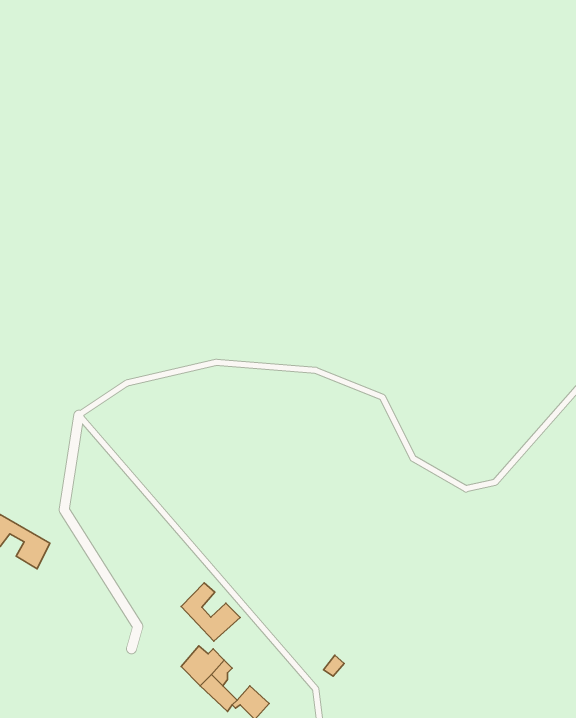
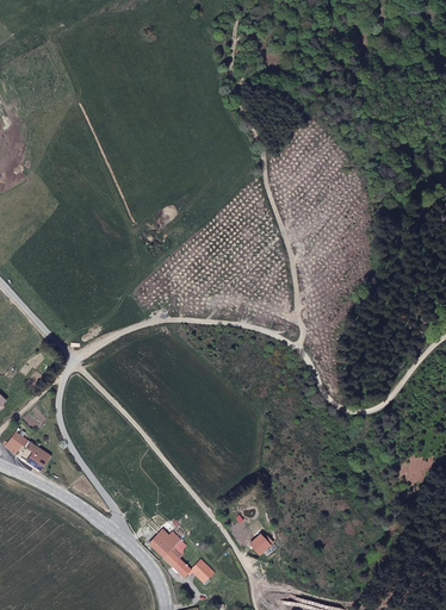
building: [181,583,240,641] -> none

